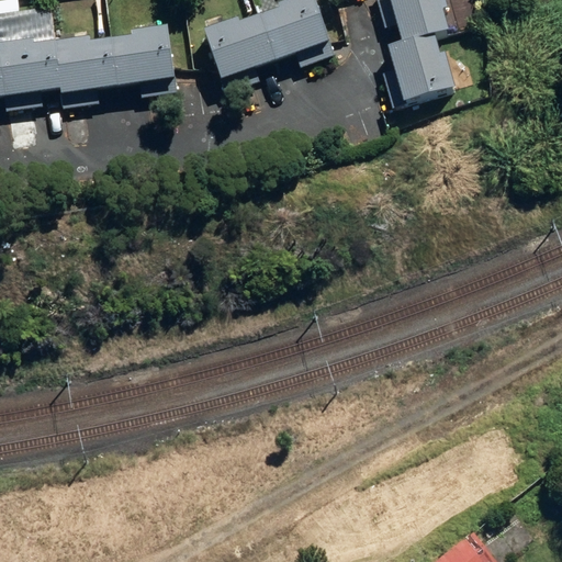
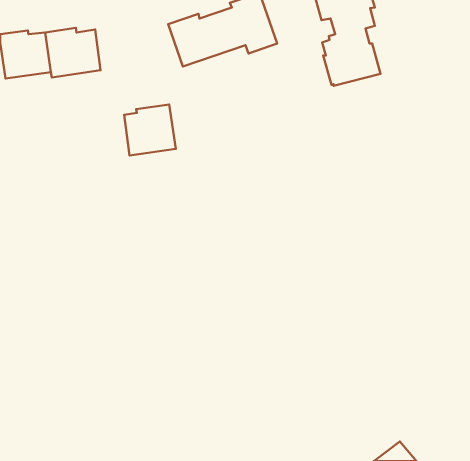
building: [115,23,177,83] -> [124,105,176,155]

